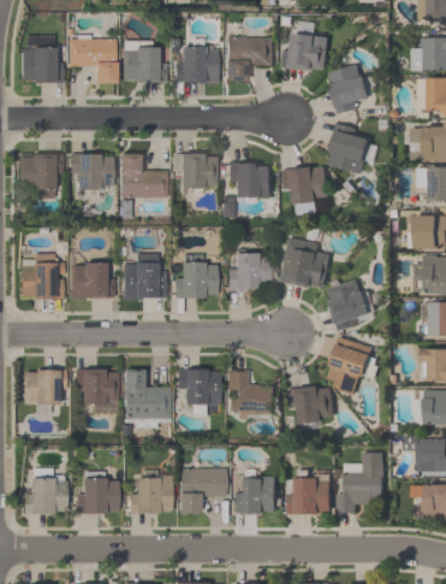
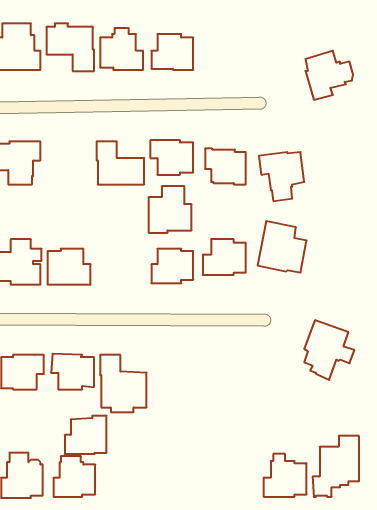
building: [283,19,329,69] -> none
building: [224,36,273,81] -> none
building: [328,122,369,172] -> none
building: [70,154,112,197] -> none
building: [121,253,165,300] -> [149,186,192,233]
building: [328,277,375,329] -> none
building: [177,367,219,415] -> none
building: [226,370,274,413] -> none
building: [287,384,334,423] -> none
building: [178,468,225,513] -> none
building: [129,474,171,513] -> [65,416,107,454]
building: [233,476,275,513] -> none

